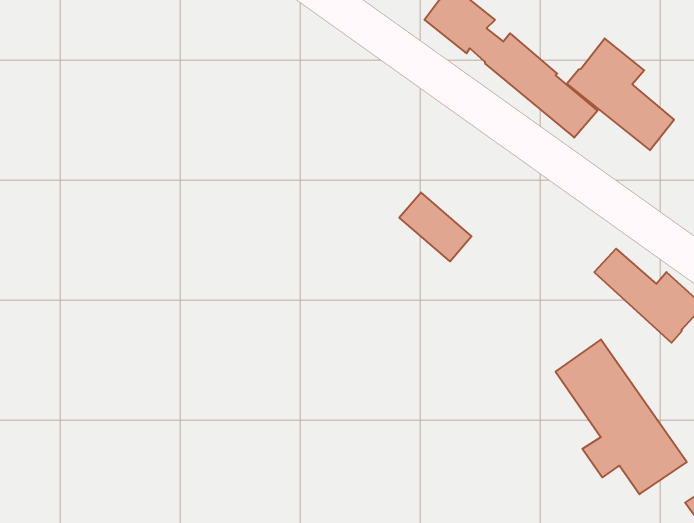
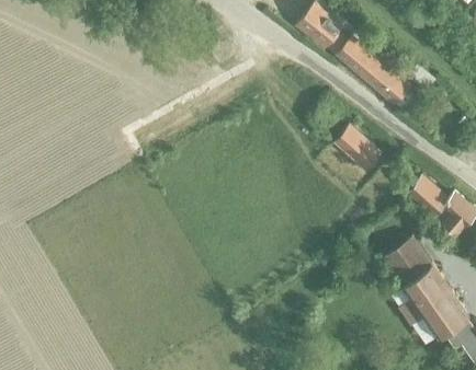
building: [567,38,674,150] -> none
building: [399,192,472,261] -> [335,127,382,172]

